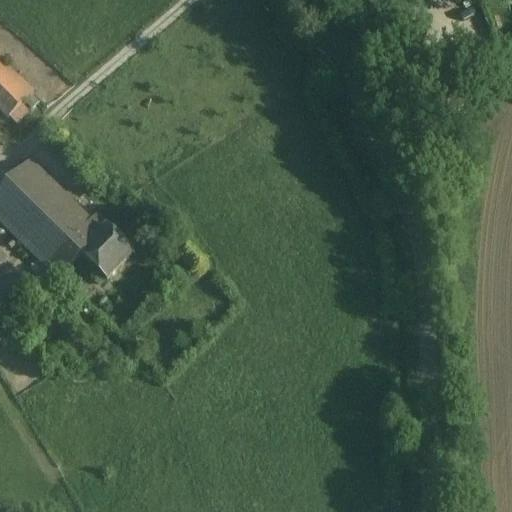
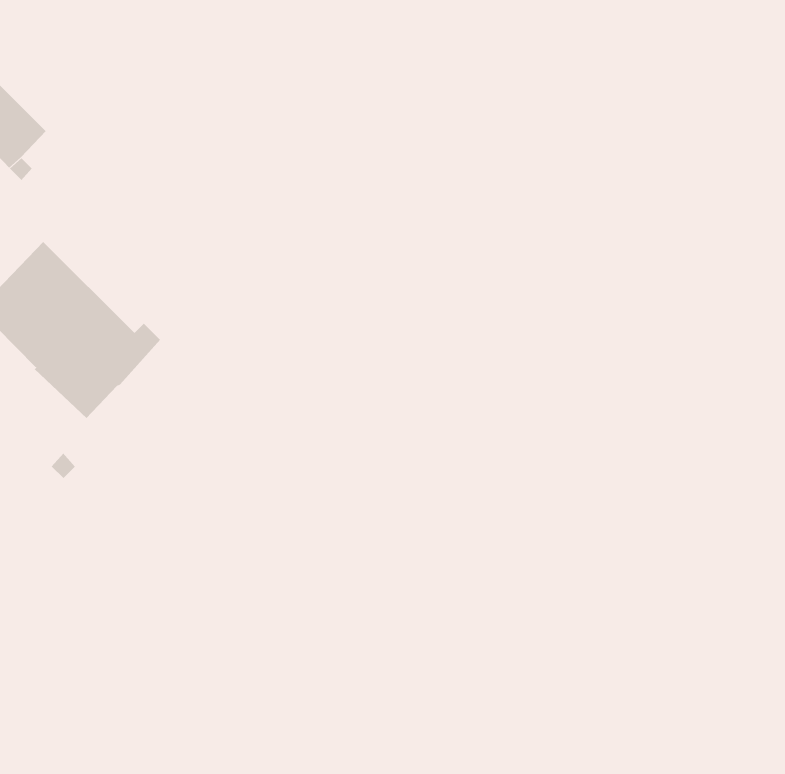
building: [78,220,131,274] -> none

